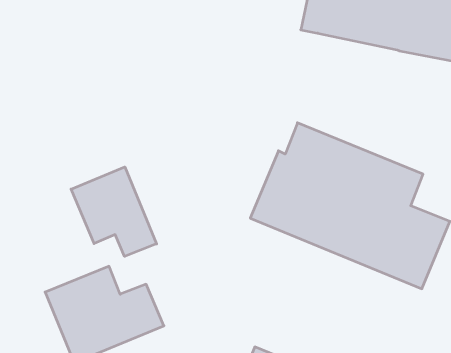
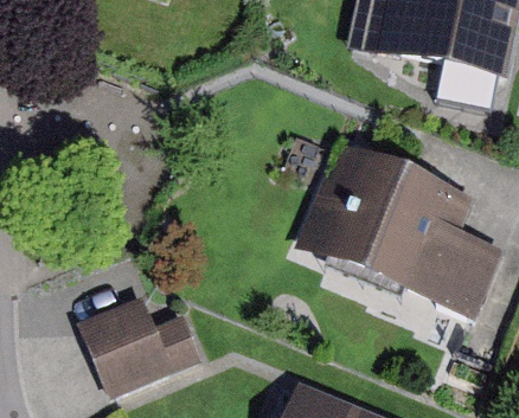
building: [71,167,157,256] -> none

